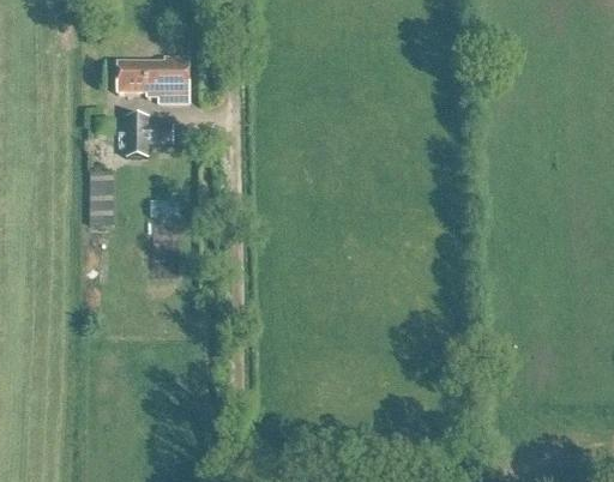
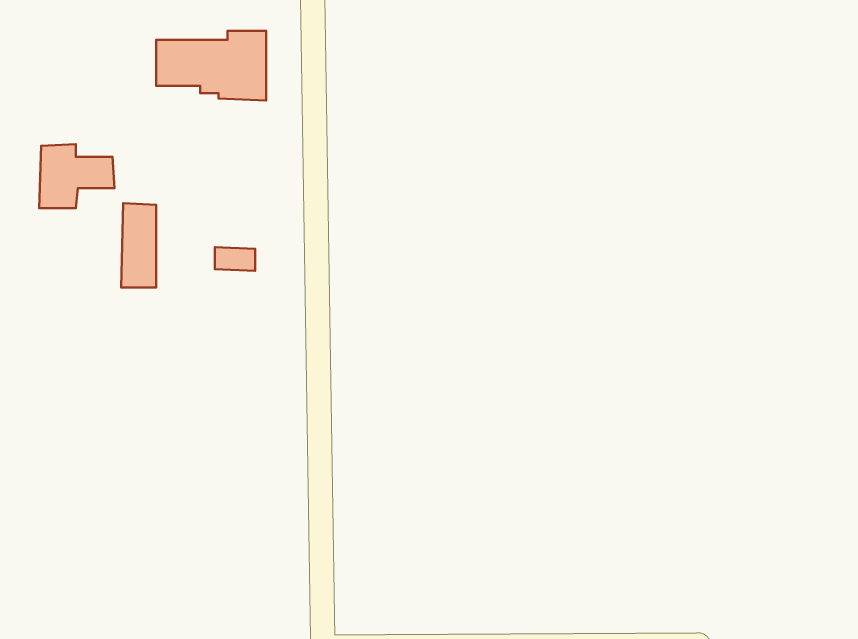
building: [122,114,171,156] -> [39,144,114,208]

